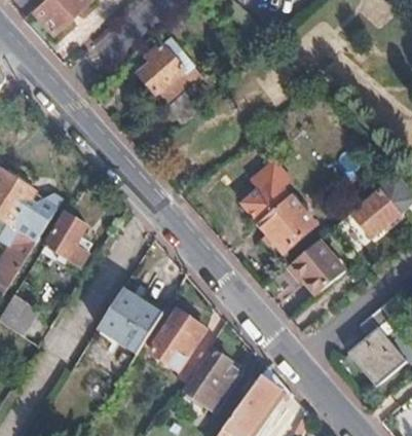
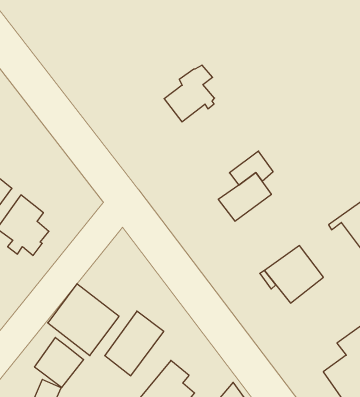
building: [138,40,183,93] -> [164,65,215,122]
building: [257,196,315,254] -> none
building: none -> [35,337,84,388]

